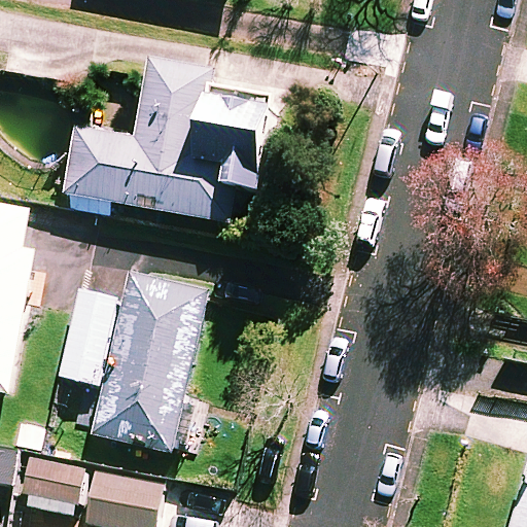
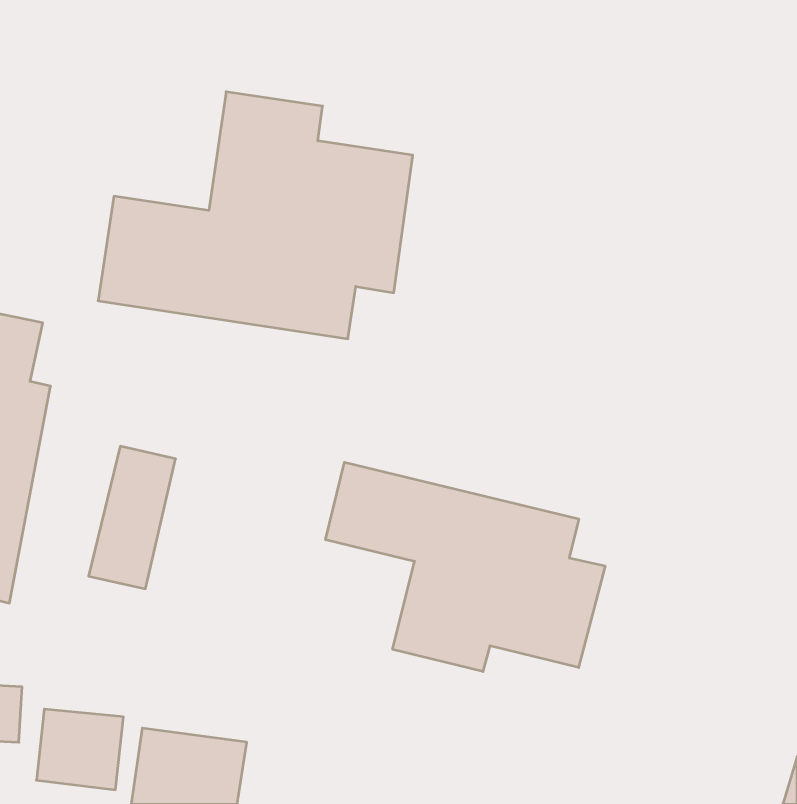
building: [93,276,209,452] -> none
building: none -> [326,462,605,672]

